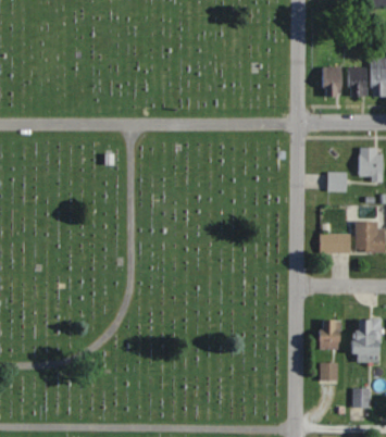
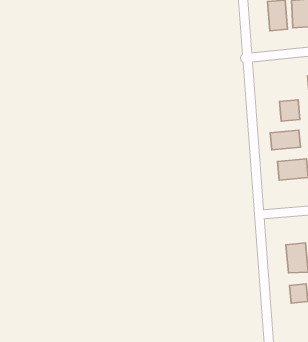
building: none -> [270,130,300,150]

